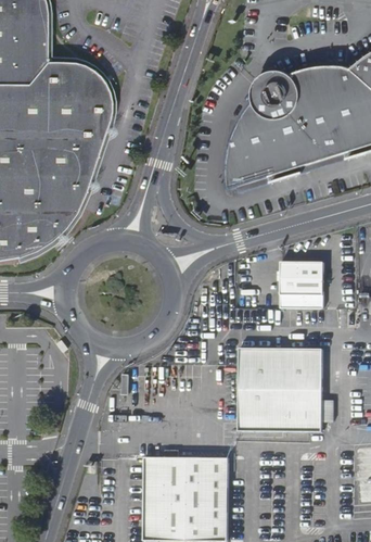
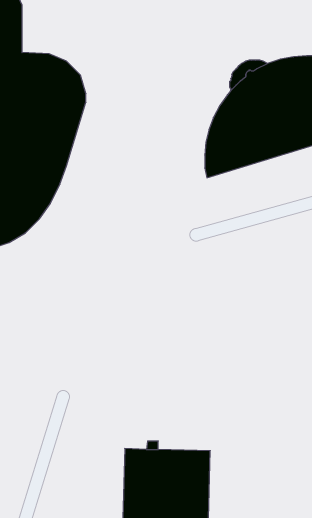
building: [277,262,322,311] -> none
building: [242,350,327,436] -> none

